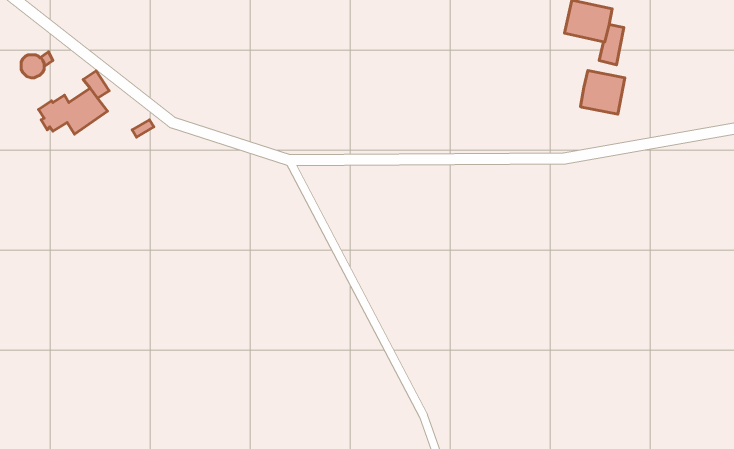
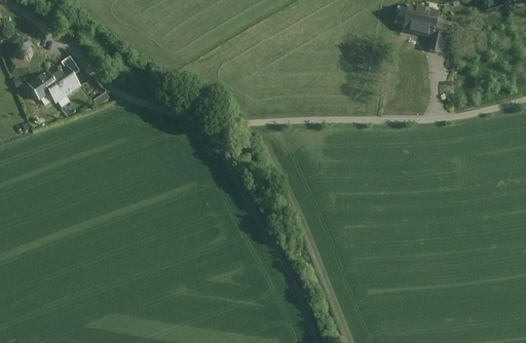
building: [581,70,625,114] -> none

